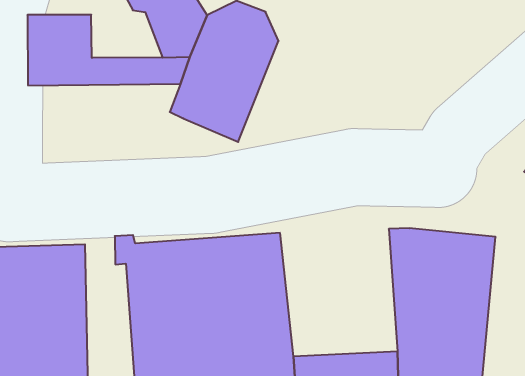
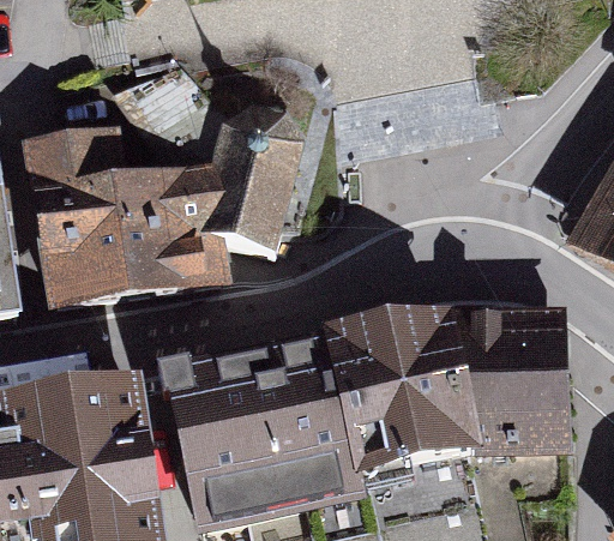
building: none -> [42,196,217,296]
building: none -> [330,318,471,467]

